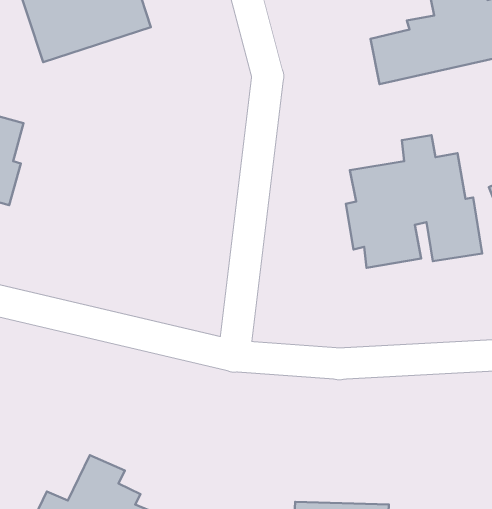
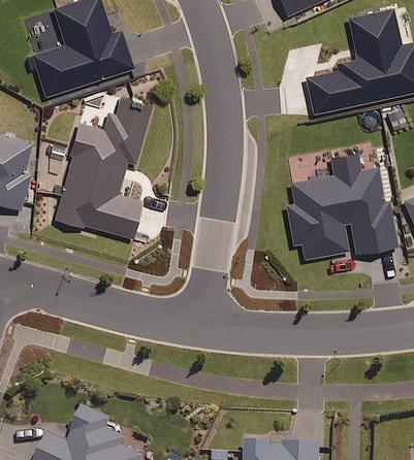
building: none -> [55,96,151,239]

